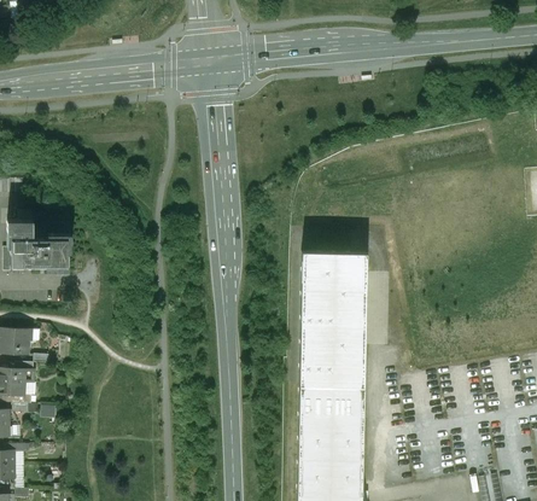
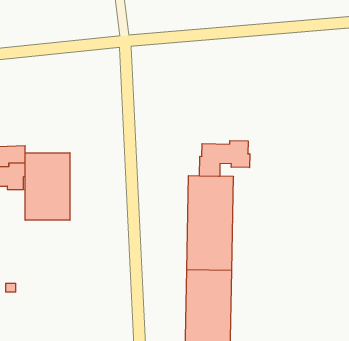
building: none -> [200,141,250,176]
building: none -> [25,153,70,220]

